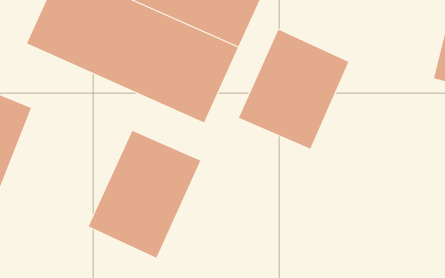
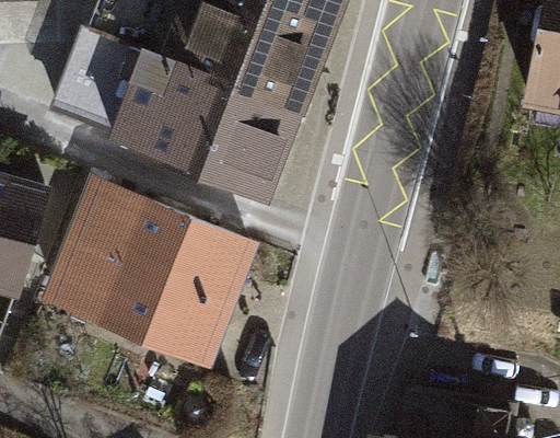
building: [238,29,349,150] -> none
building: none -> [54,183,172,330]

